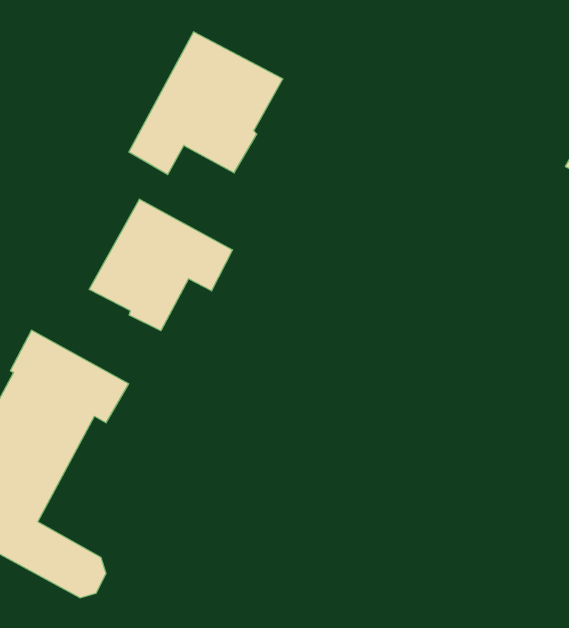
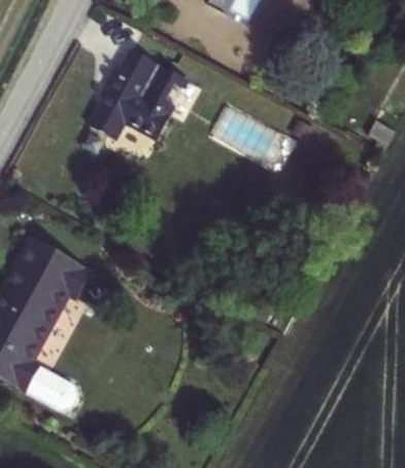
building: [89,199,233,331] -> none

